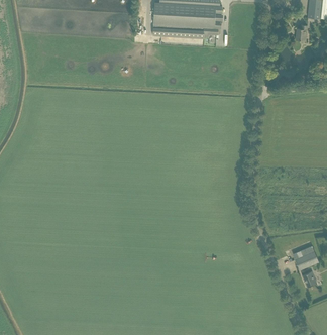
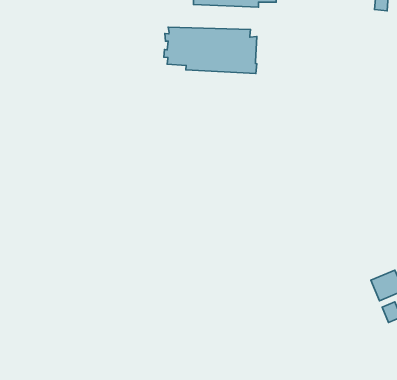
building: none -> [164,27,257,73]

